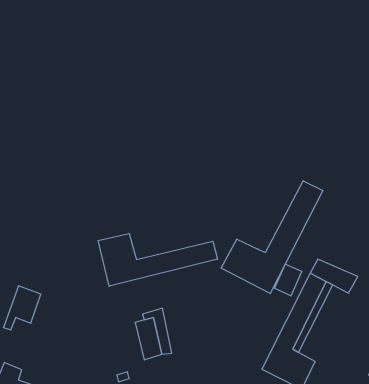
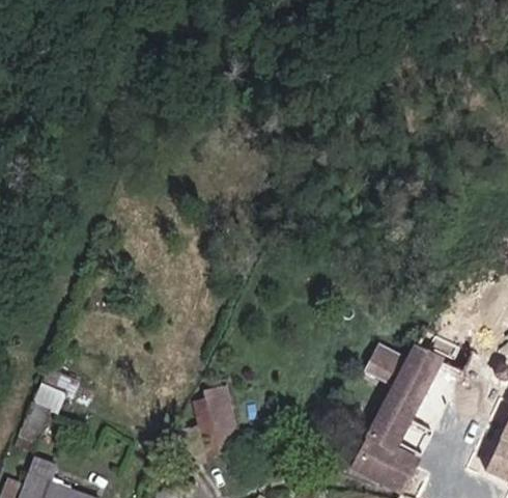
building: [221,181,323,294] -> none
building: [98,233,218,286] -> none

